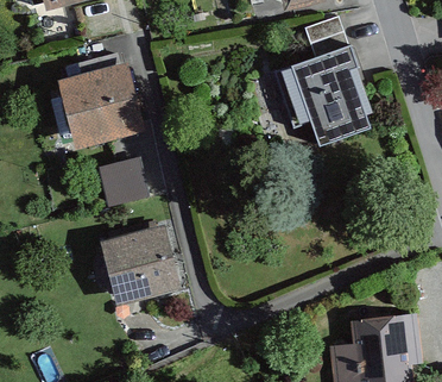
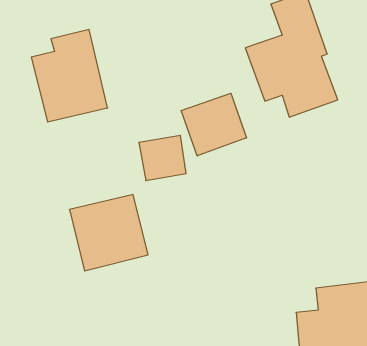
building: none -> [181,93,247,156]
building: [99,154,147,200] -> [139,135,186,181]

